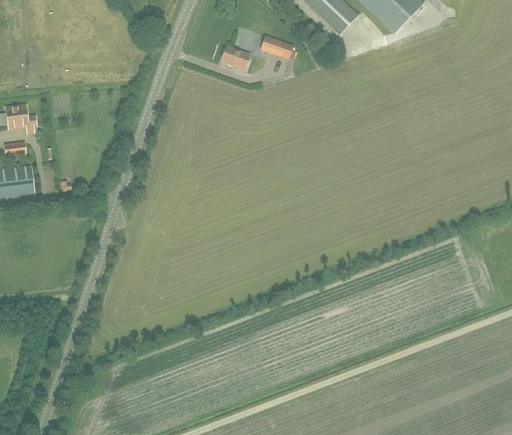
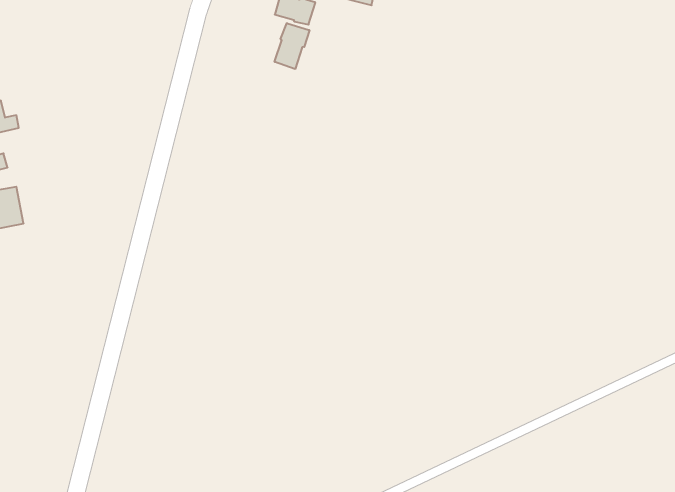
building: none -> [275,23,309,69]

